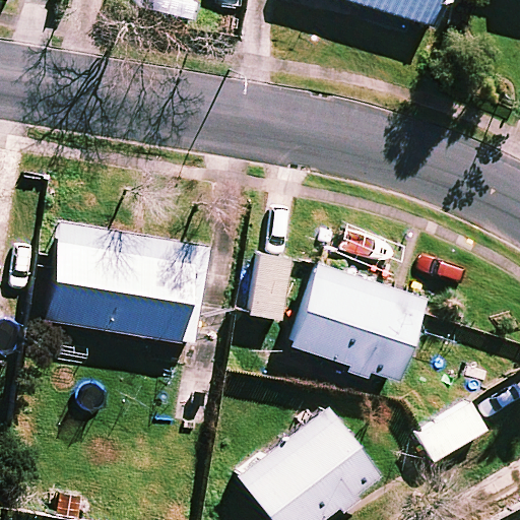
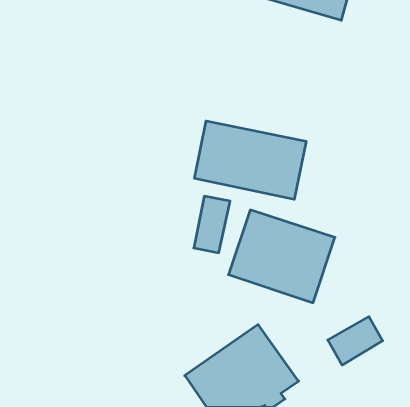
building: none -> [195,121,306,199]
building: [52,219,208,342] -> none

